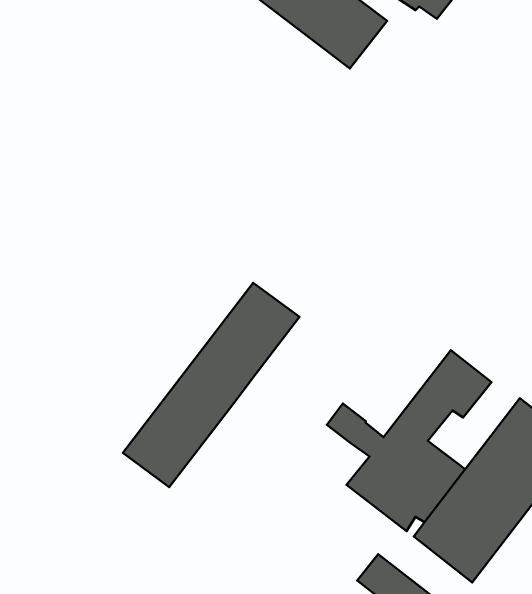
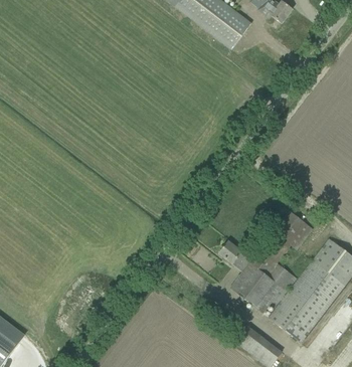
building: [123,283,300,487] -> none

